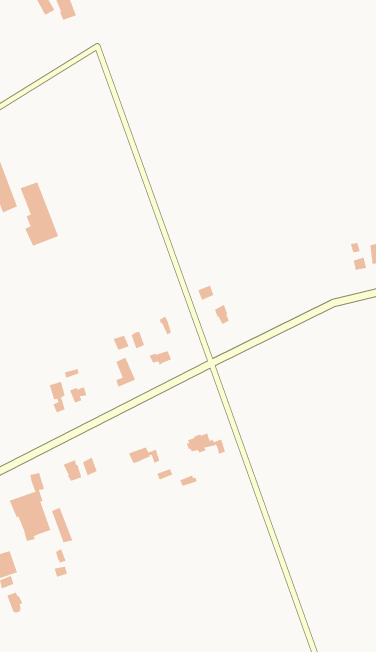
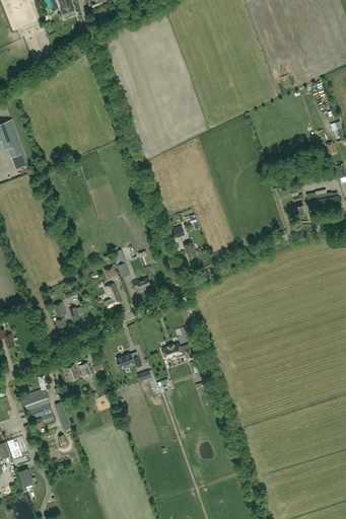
building: [20,181,59,247] -> none

